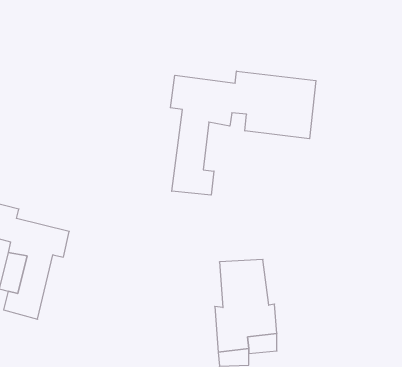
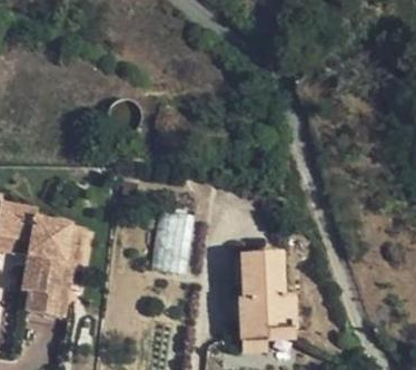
building: [170,71,316,195] -> none
building: none -> [155,205,194,266]

